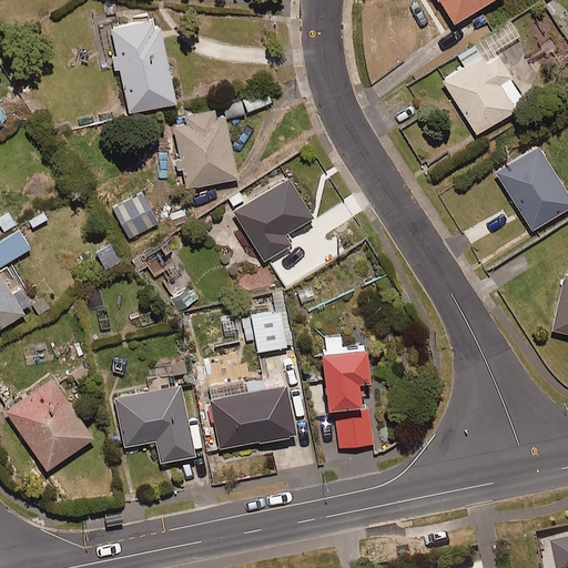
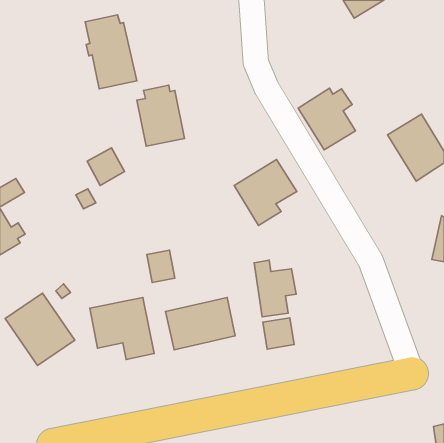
building: [442,58,515,136] -> [298,88,355,150]
building: [232,180,312,264] -> [234,159,297,226]
building: [253,311,288,352] -> [147,250,175,282]

